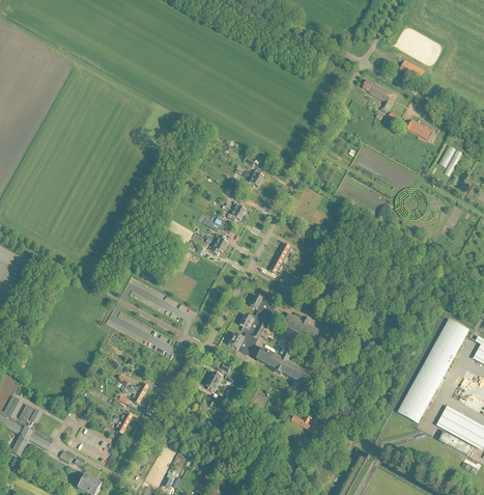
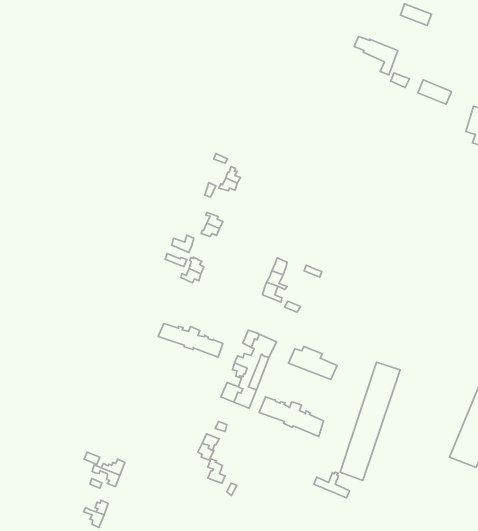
building: none -> [158,323,223,357]
building: none -> [340,362,400,481]

